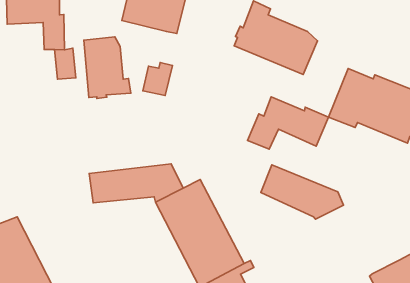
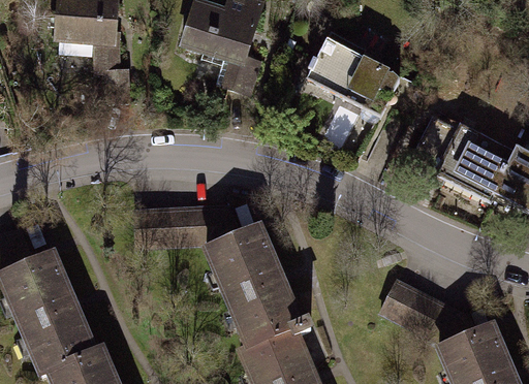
building: [84,37,131,99] -> none
building: [143,63,172,96] -> [224,57,259,94]
building: [248,97,329,149] -> none
building: [261,165,343,219] -> [383,282,474,346]

